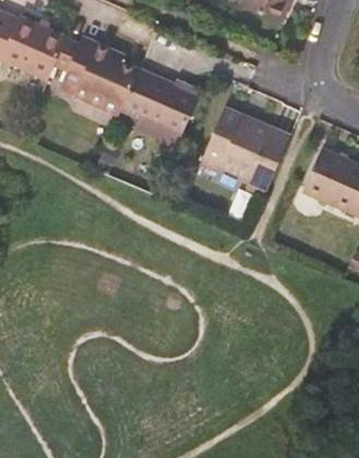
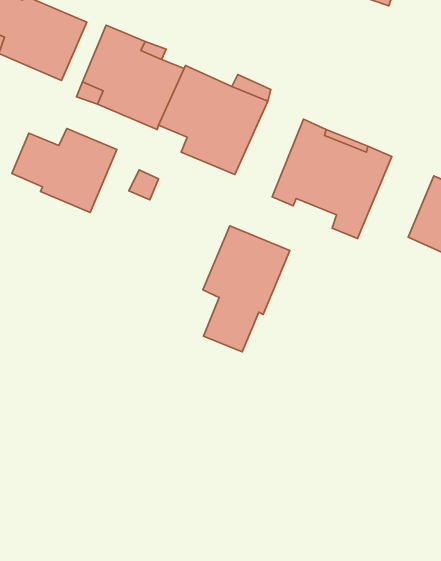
building: none -> [12,128,117,213]
building: none -> [203,226,290,352]

